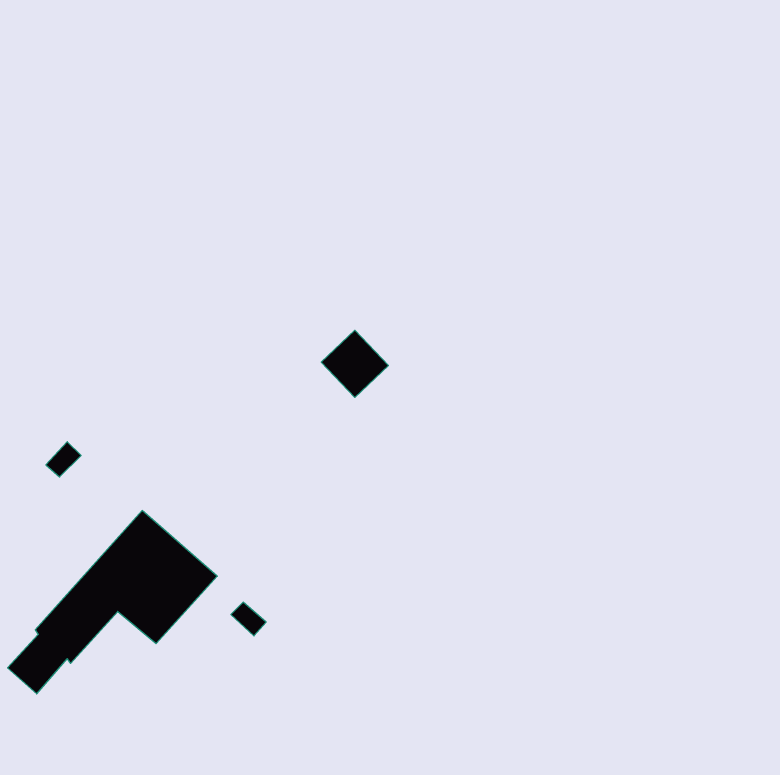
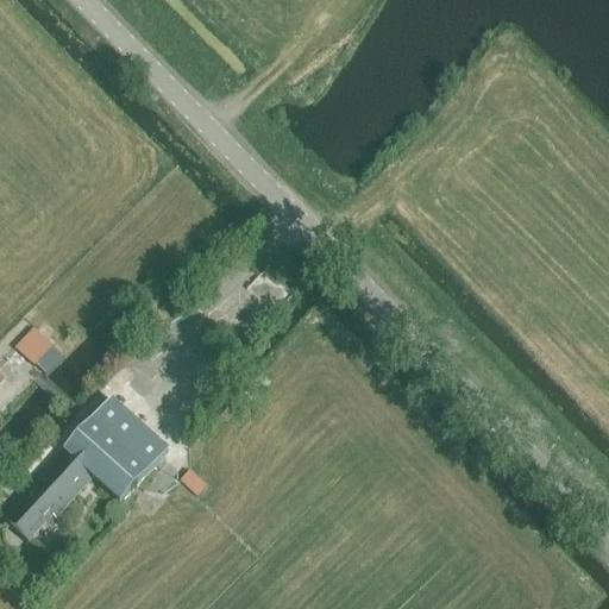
building: none -> [15,325,54,364]

